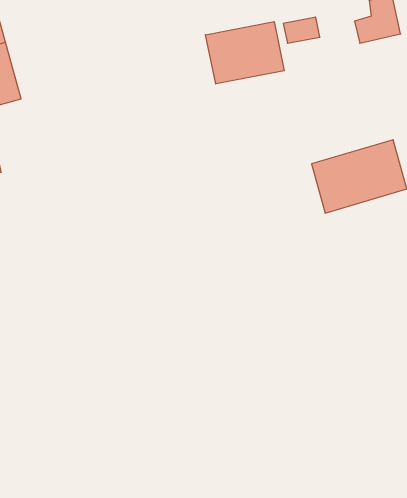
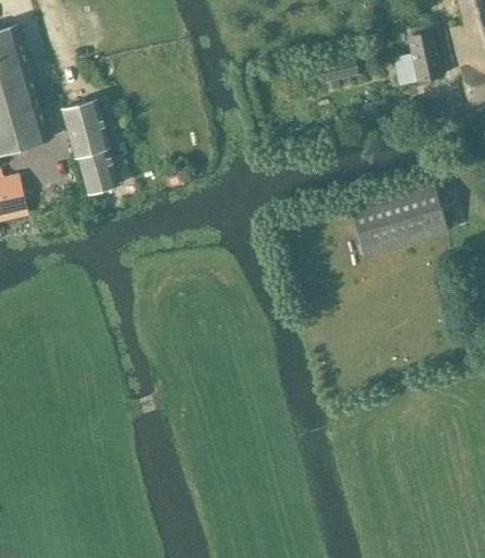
building: [205,22,284,84] -> none
building: none -> [64,100,118,194]

